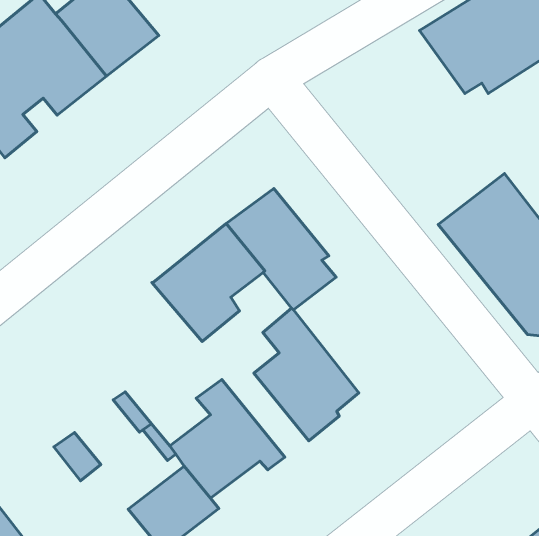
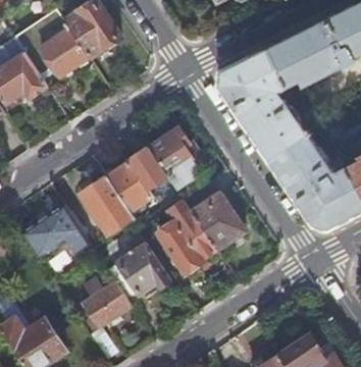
building: none -> [218,49,308,159]
building: none -> [183,181,246,250]
building: none -> [79,177,136,239]
building: none -> [29,206,80,254]

